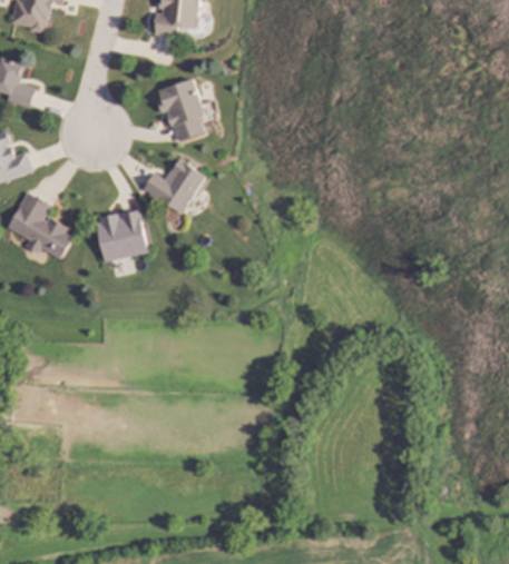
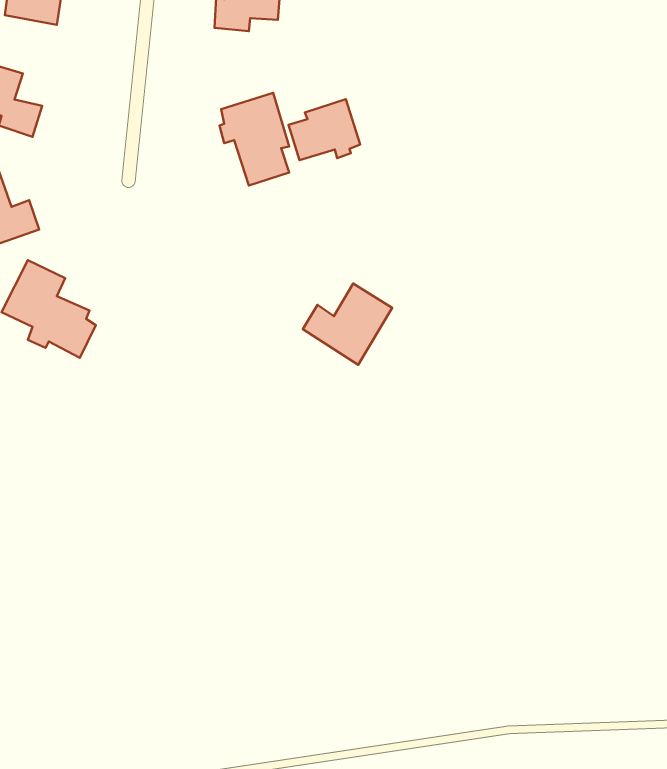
building: none -> [289,99,360,160]
building: [143,158,204,214] -> [303,284,392,365]
building: [94,210,147,261] -> none

